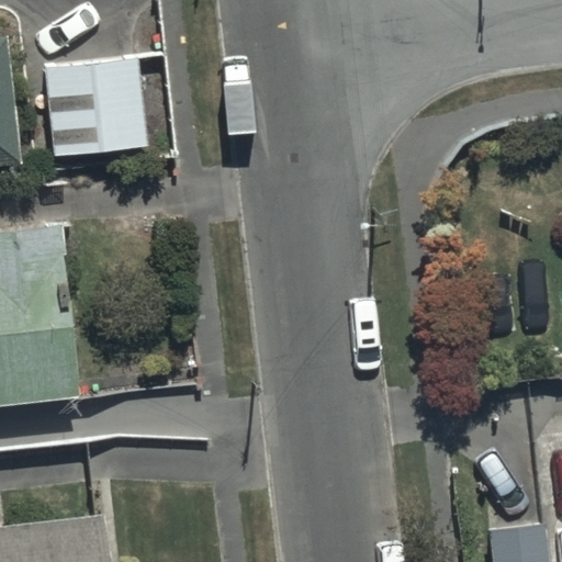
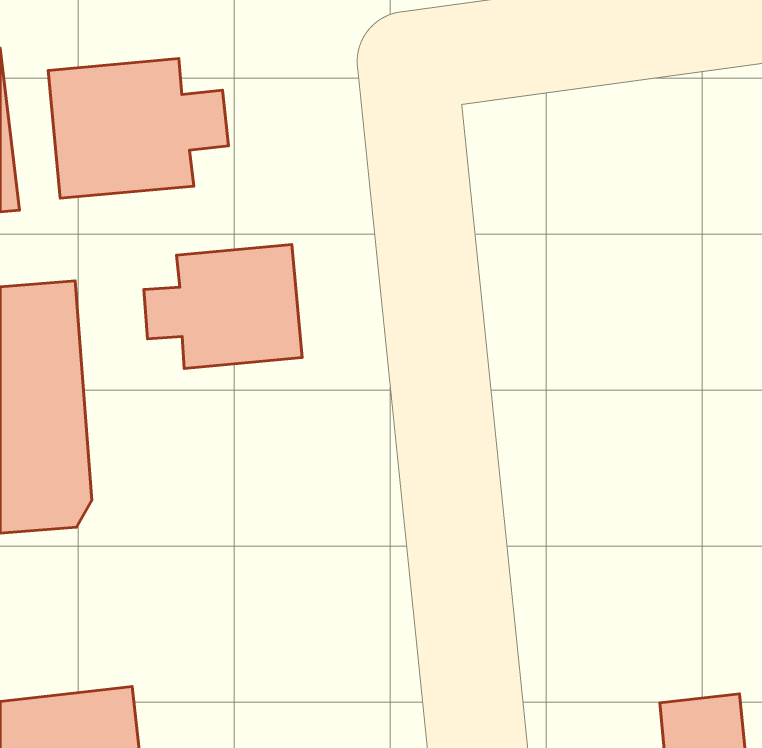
building: none -> [144,245,302,369]

